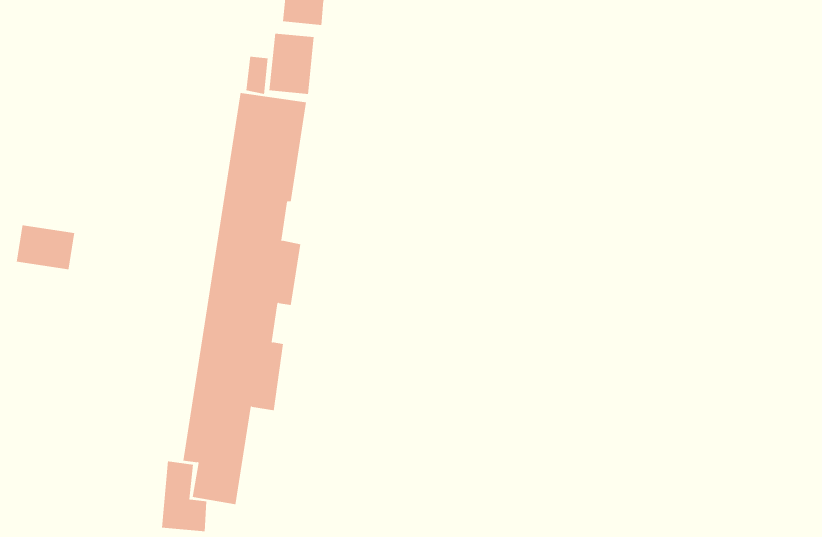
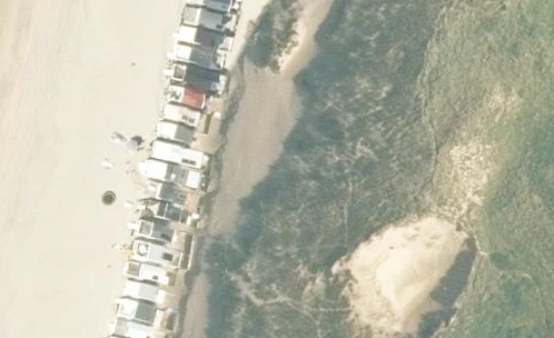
building: [16,224,75,270] -> none

